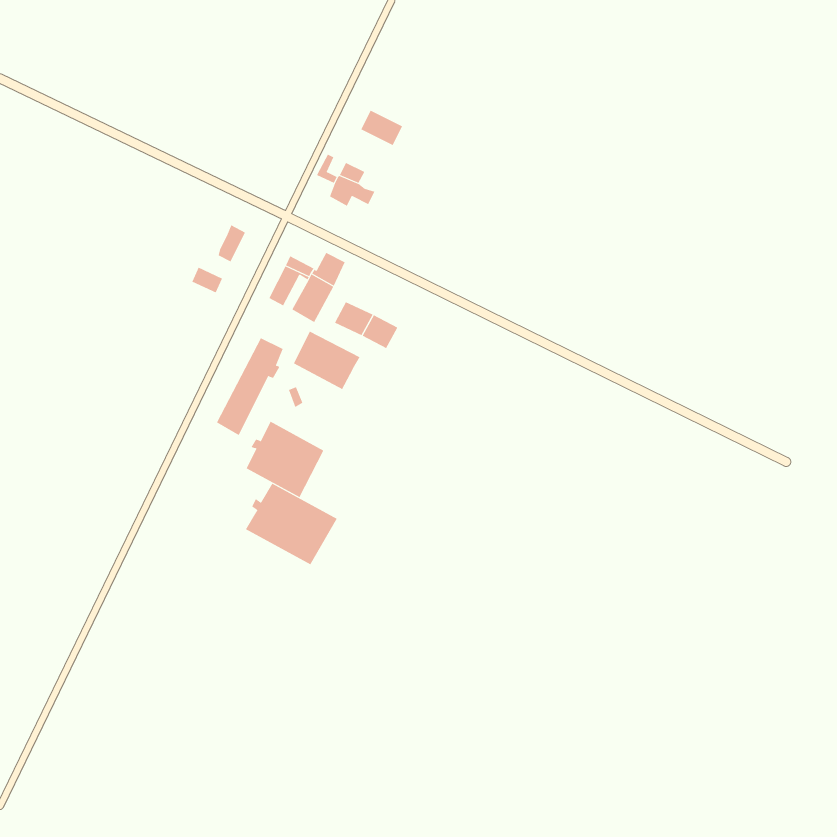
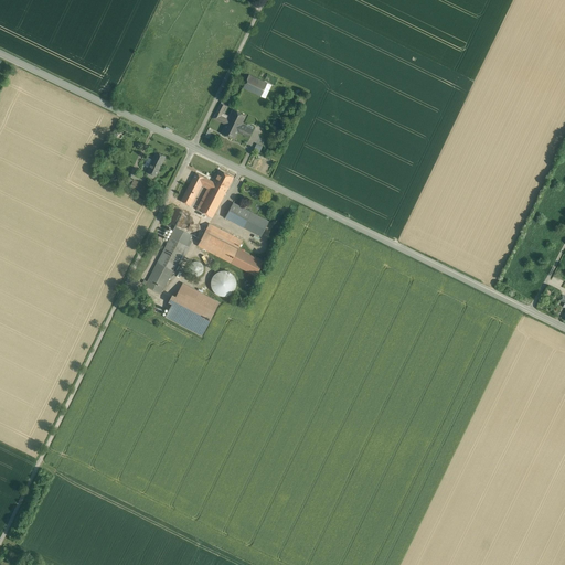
building: none -> [231,248,263,276]
building: none -> [211,270,236,296]
building: [245,483,337,565] -> none

